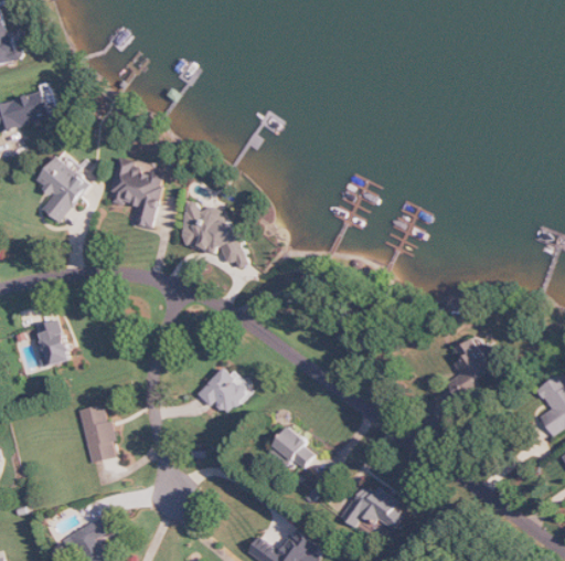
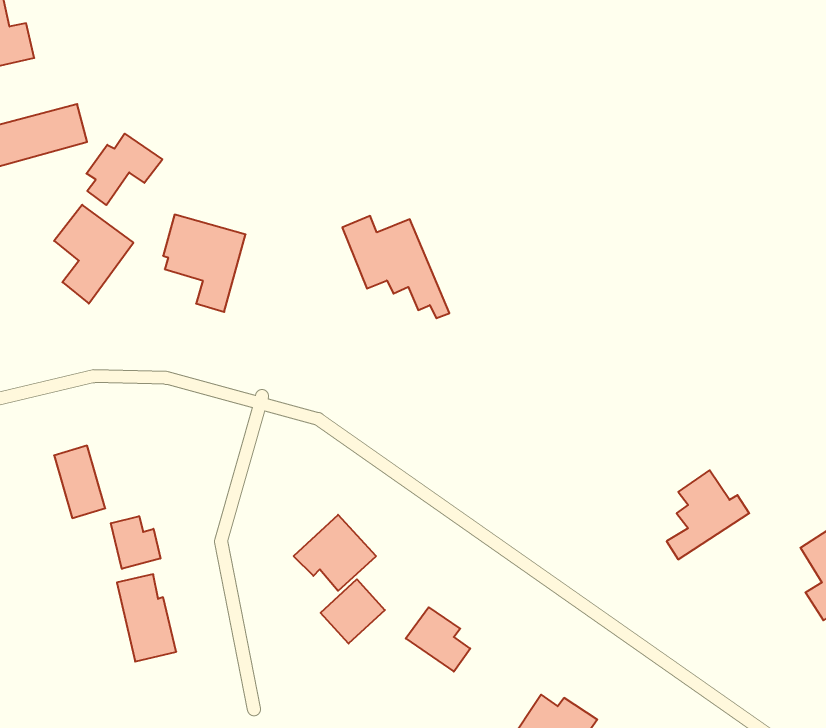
building: none -> [86,134,162,205]
building: [177,200,248,268] -> [342,216,449,318]
building: none -> [111,516,160,569]
building: none -> [321,579,385,644]

